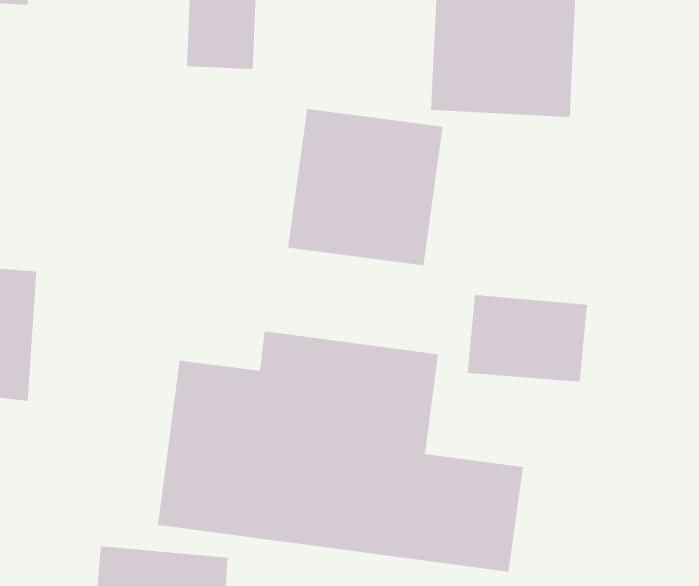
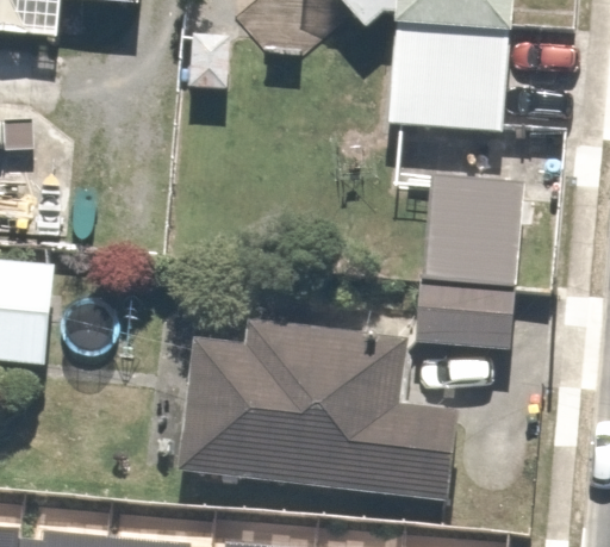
building: [288,108,443,266] -> none
building: none -> [422,193,521,286]

